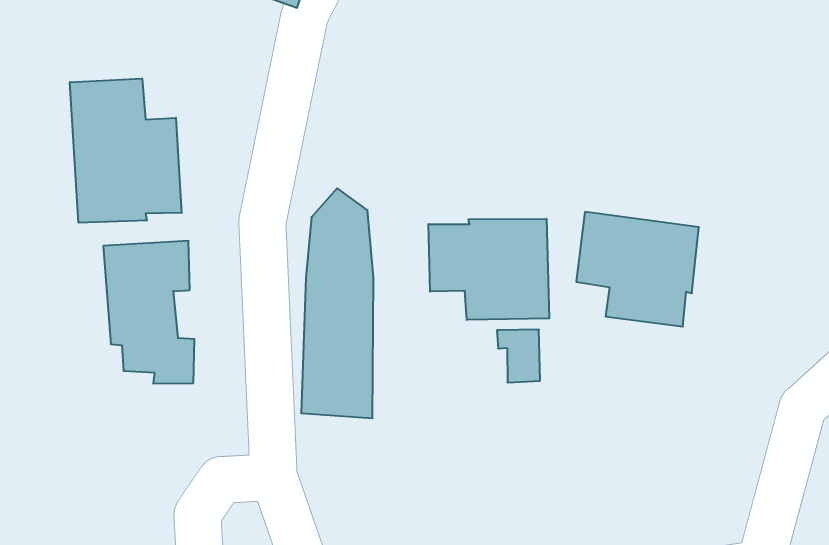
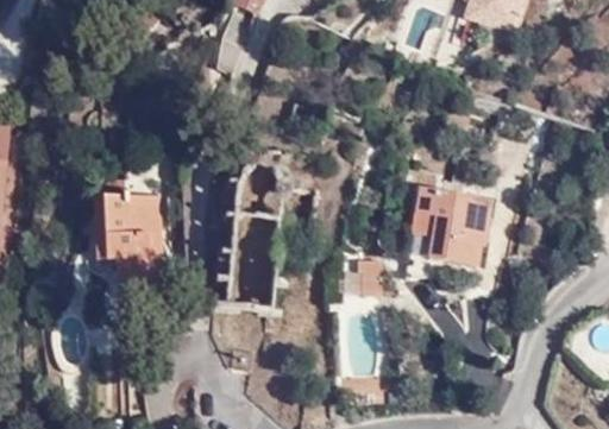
building: [70,78,182,223] -> none
building: [428,219,549,320] -> none

